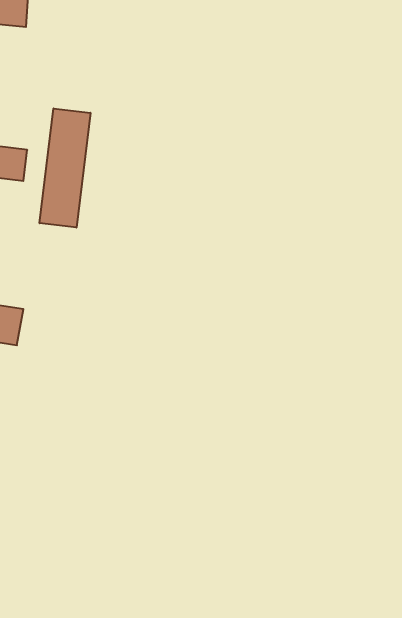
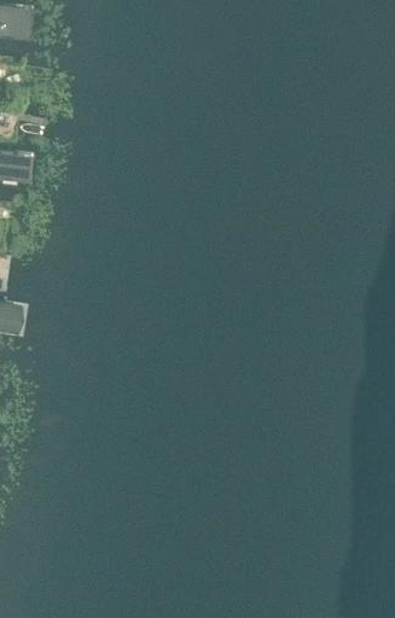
building: [40,108,90,228] -> none

